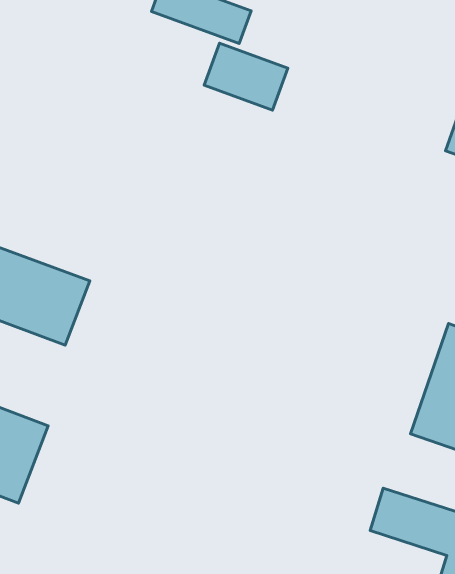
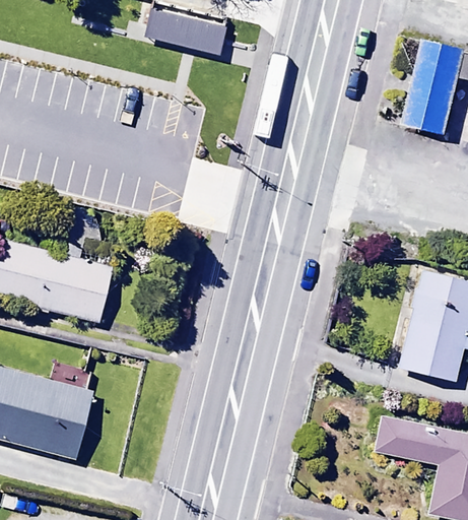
building: [204,43,288,110] -> none

